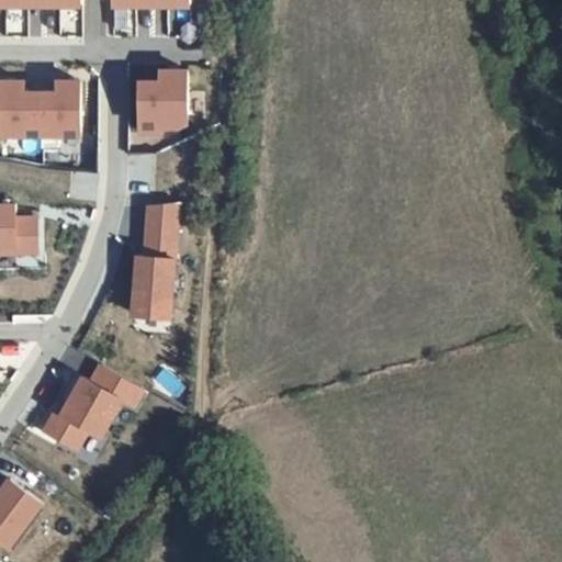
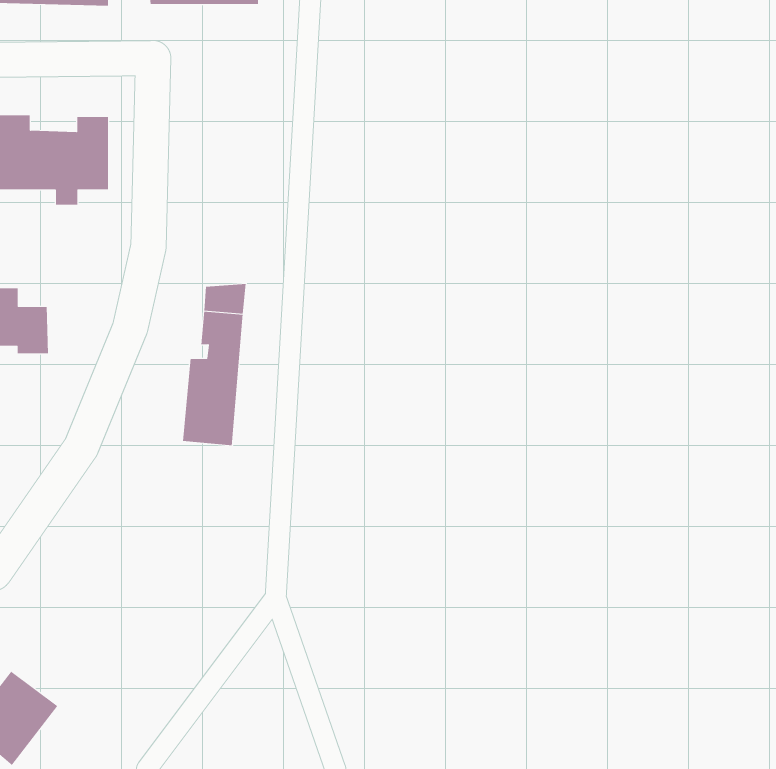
building: [138,72,186,134] -> none
building: [42,366,140,450] -> none

